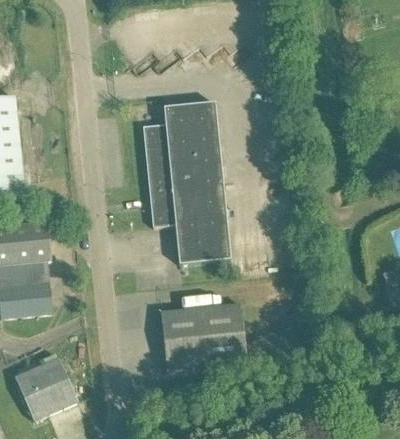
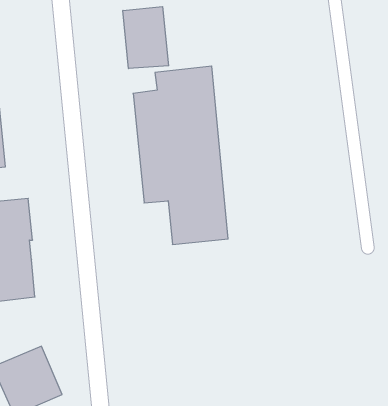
building: none -> [123,7,169,69]
building: [162,303,247,371] -> none

